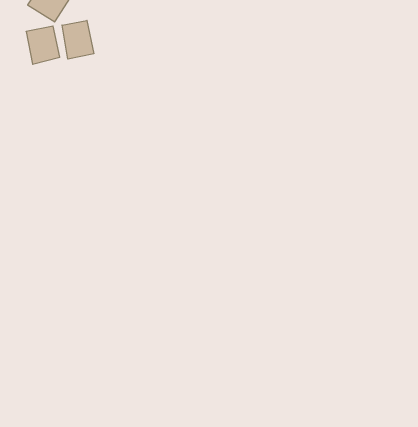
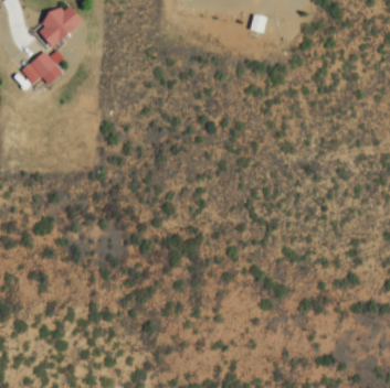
building: [62,20,94,59] -> none

